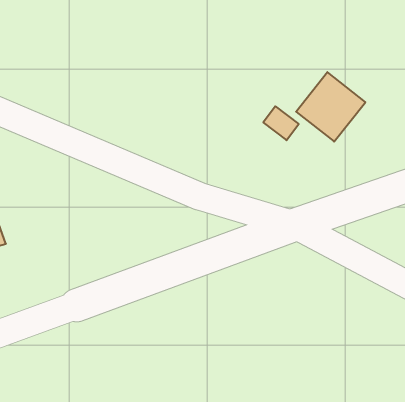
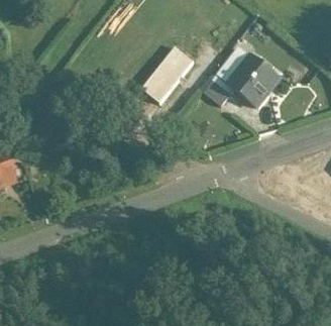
building: none -> [150,46,193,103]

